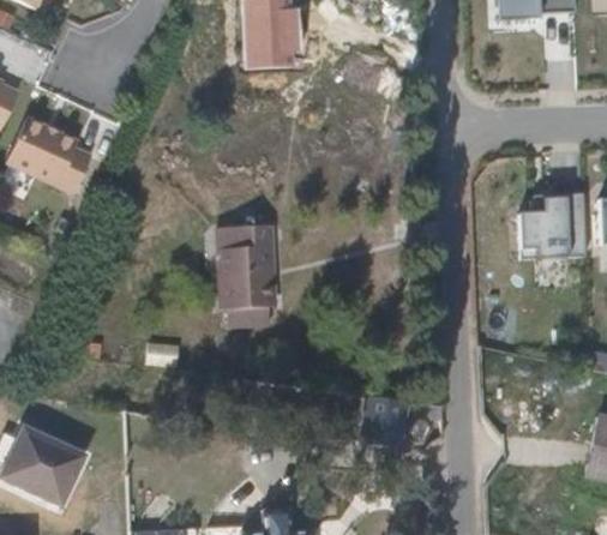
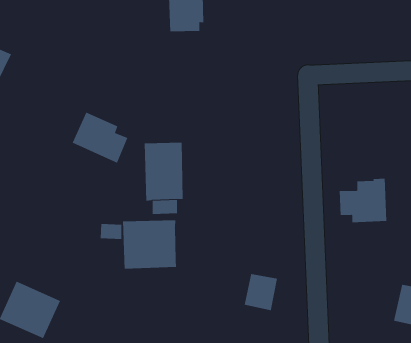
building: [11,122,92,197] -> [72,112,128,163]
building: [516,190,585,254] -> [339,178,387,223]
building: none -> [123,220,177,270]

